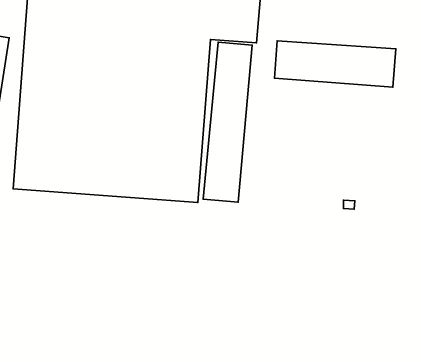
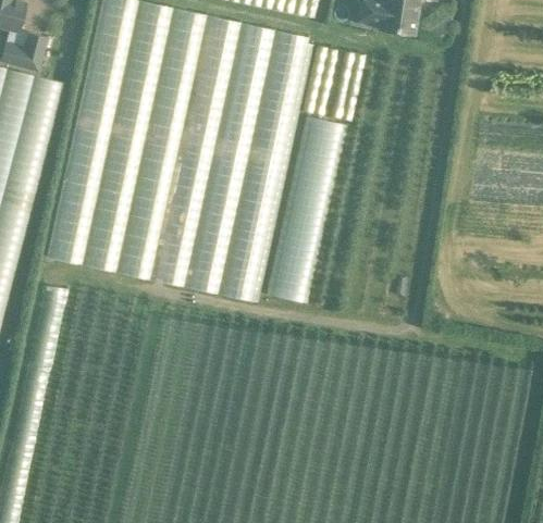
building: [274,41,396,87] -> none

